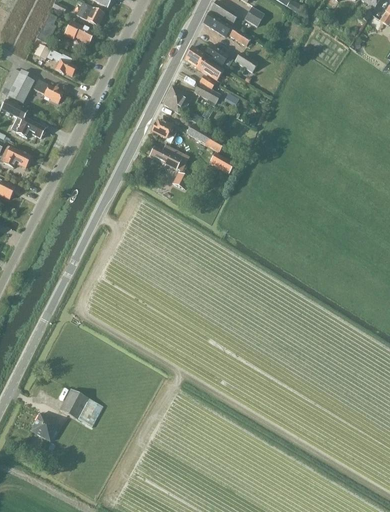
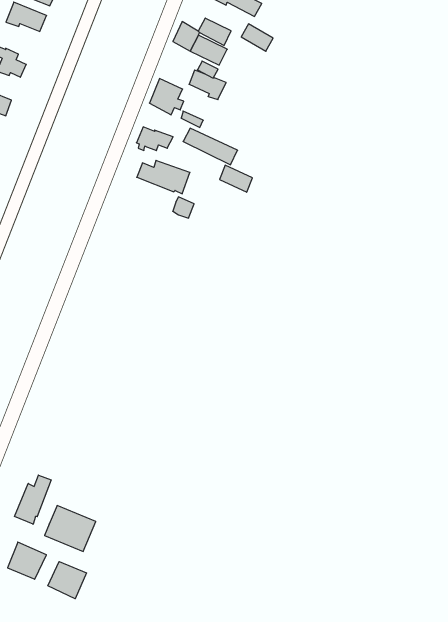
building: none -> [14,475,51,524]
building: none -> [48,562,87,599]

